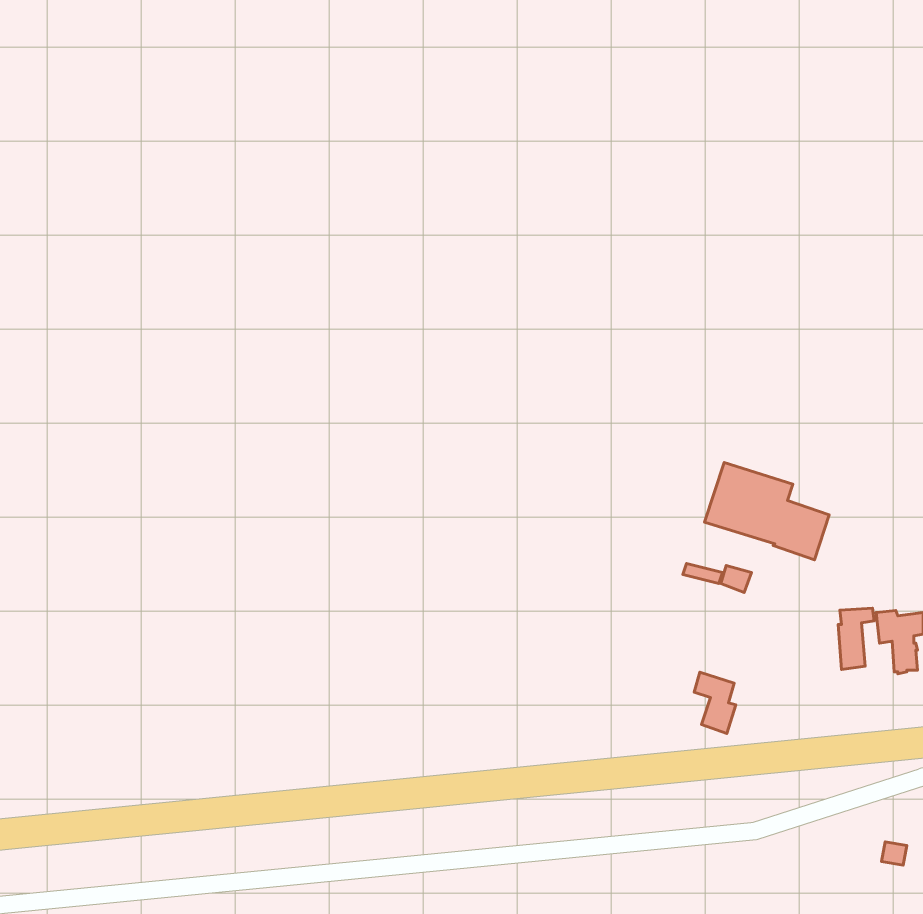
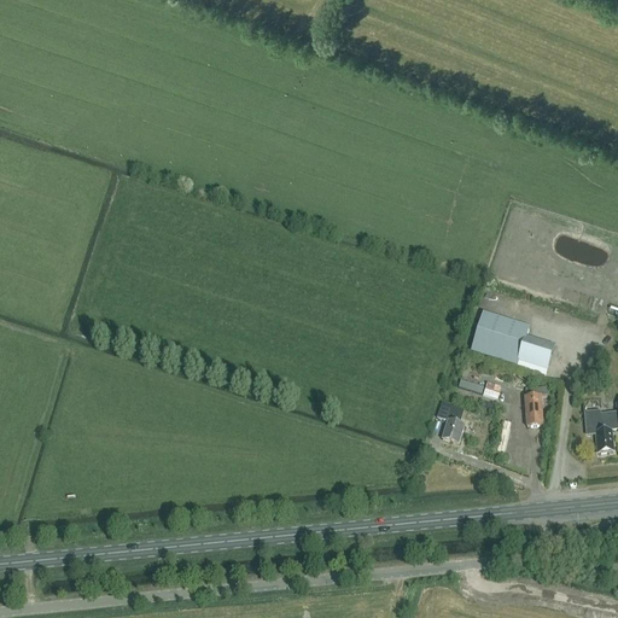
building: [838,608,874,670] -> [524,383,548,424]
building: [694,672,736,734] -> [437,400,465,441]

